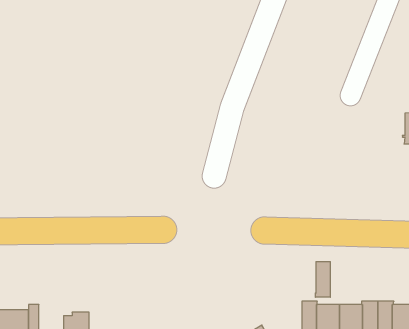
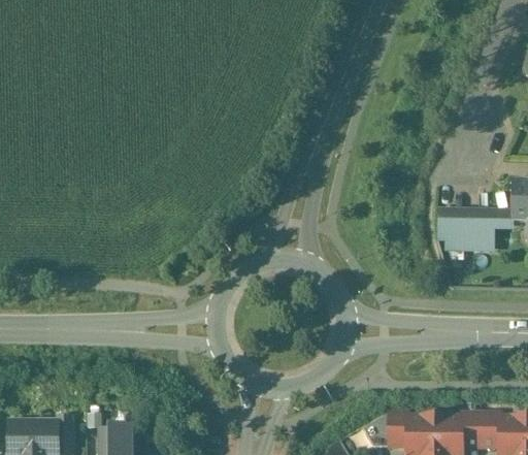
building: none -> [437,208,492,247]
building: [315,262,330,297] -> none

